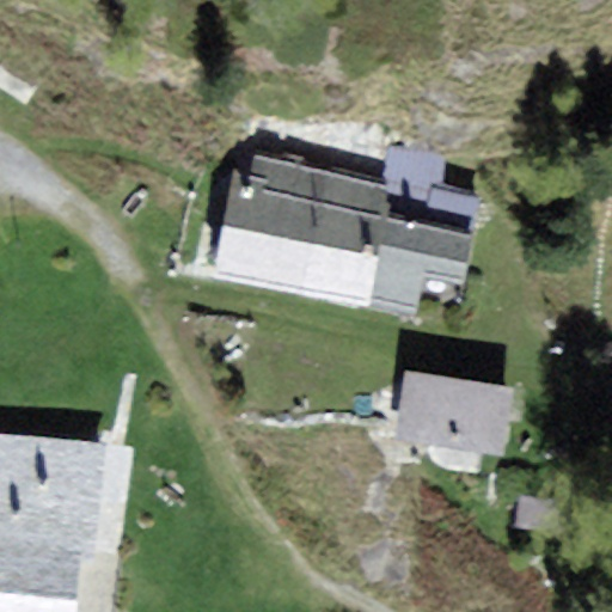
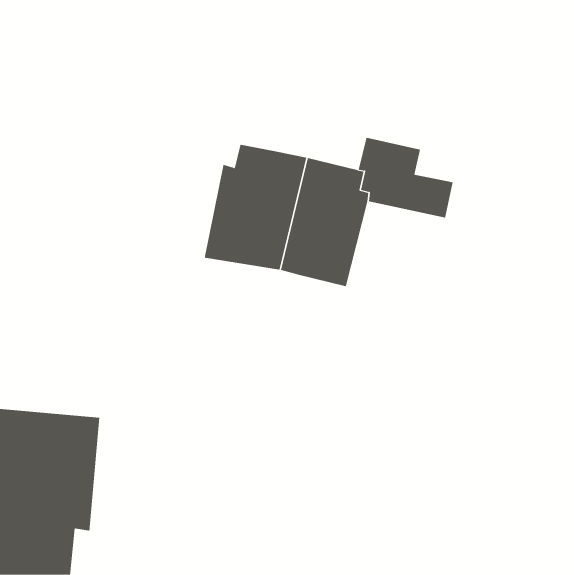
building: [368,214,473,316] -> none
building: [396,374,514,459] -> none

